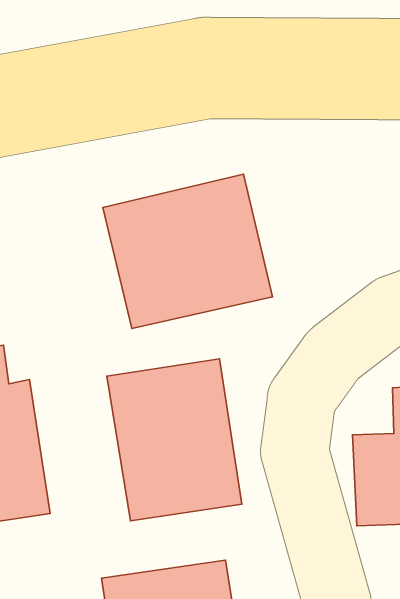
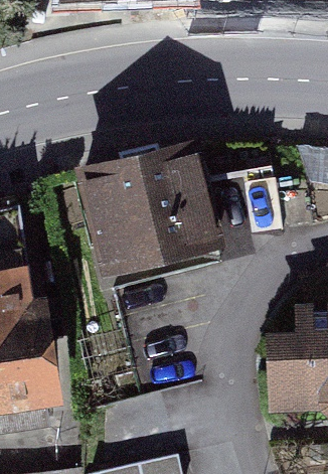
building: [107,359,242,521] -> none

